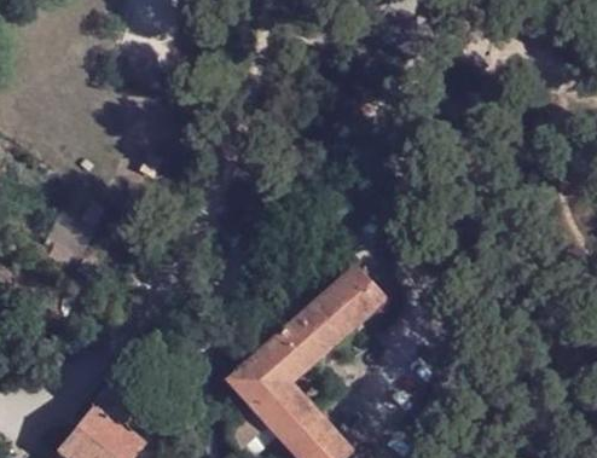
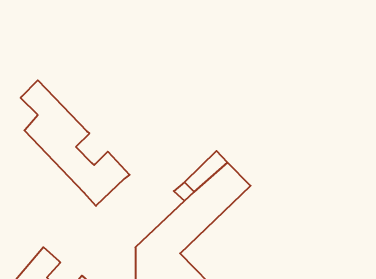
building: none -> [21,80,130,206]

